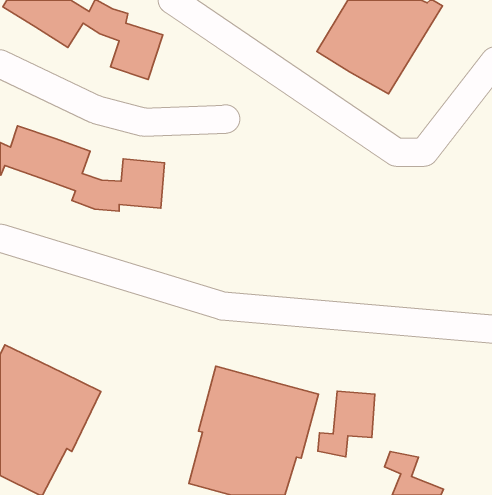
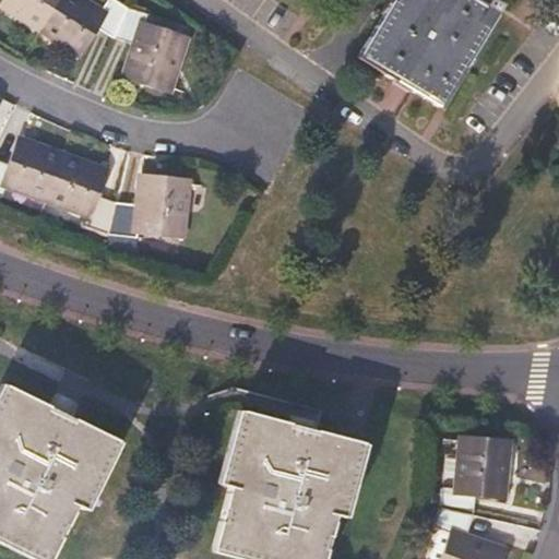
building: [318,391,375,457] -> [443,441,508,515]

